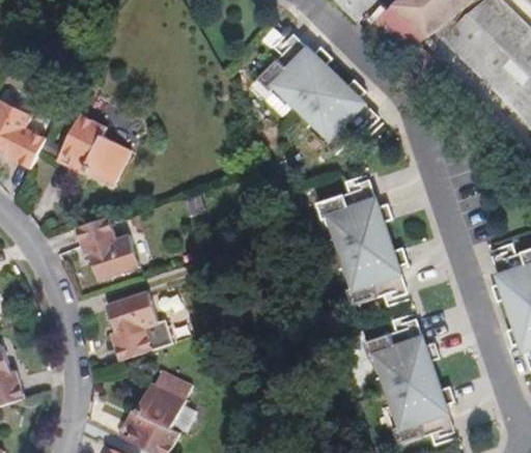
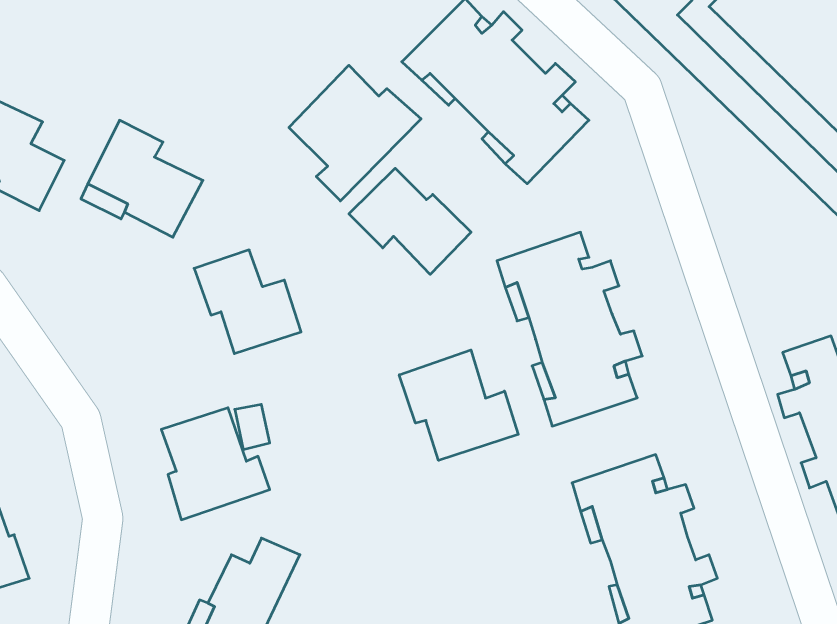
building: none -> [289,65,421,201]
building: none -> [349,168,471,274]
building: [75,216,141,280] -> [194,250,301,354]
building: none -> [399,350,518,460]

